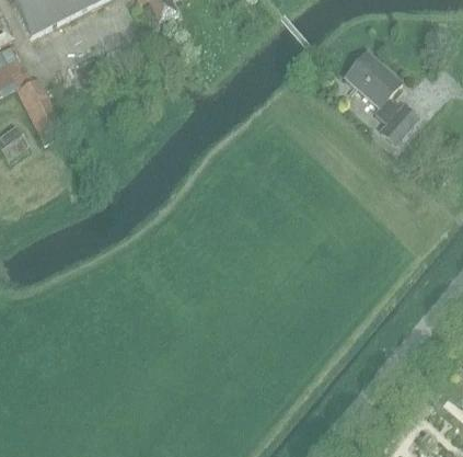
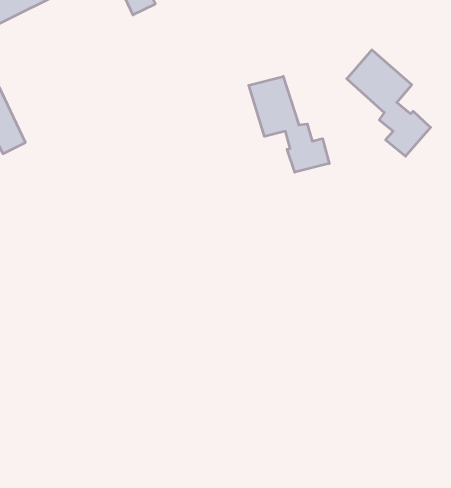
building: none -> [249,76,329,172]

